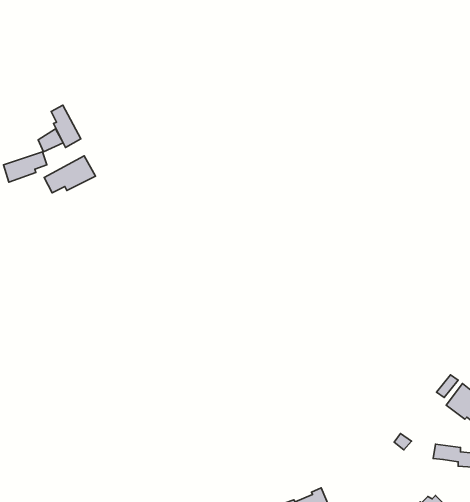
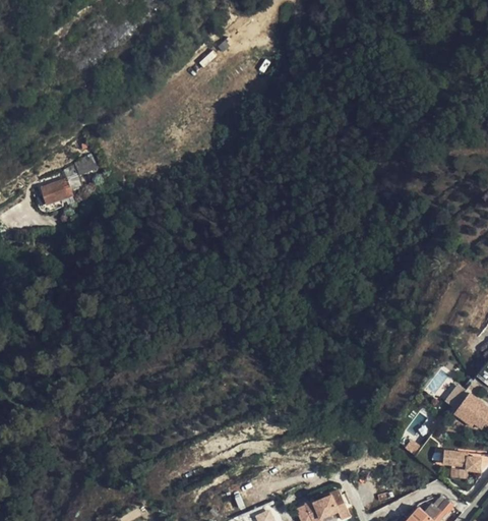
building: [51,105,81,148] -> none
building: [44,156,95,193] -> none

